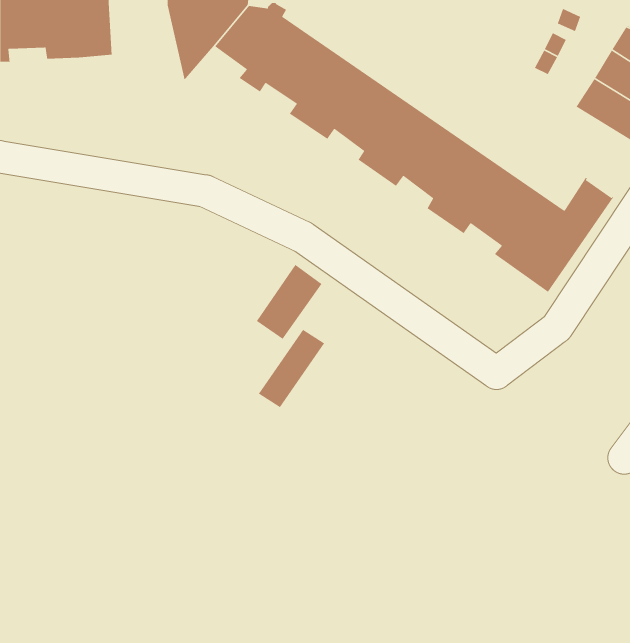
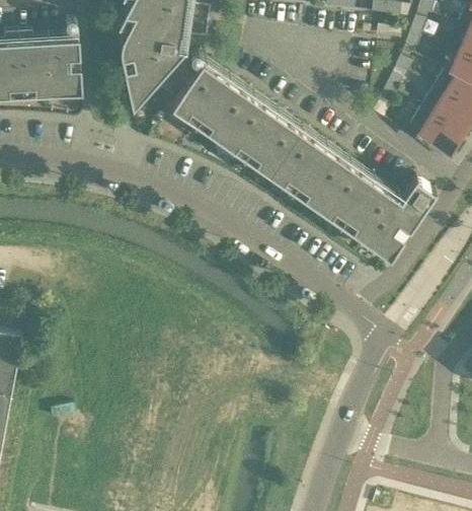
building: [256,264,323,340] -> none
building: [258,329,325,408] -> none

